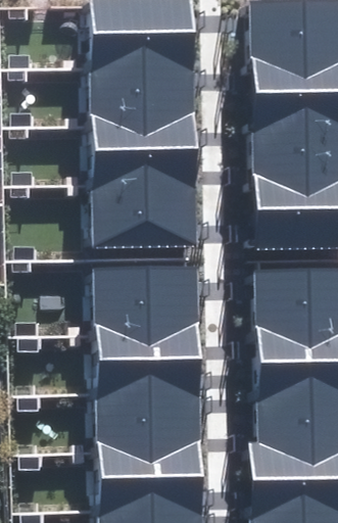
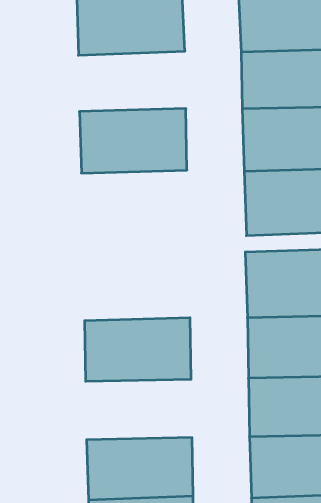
building: [88,64,195,125] -> none
building: [91,183,197,250] -> none
building: [92,265,199,333] -> none
building: [95,391,201,451] -> none

